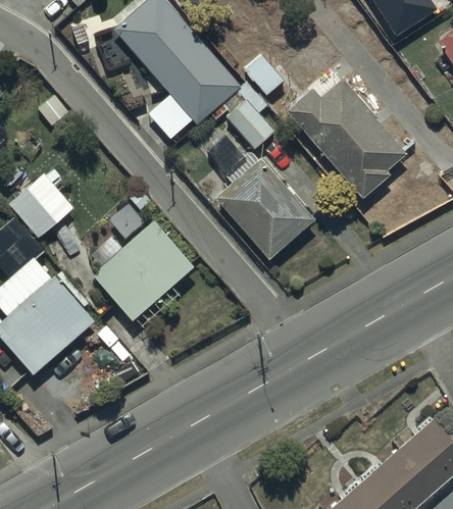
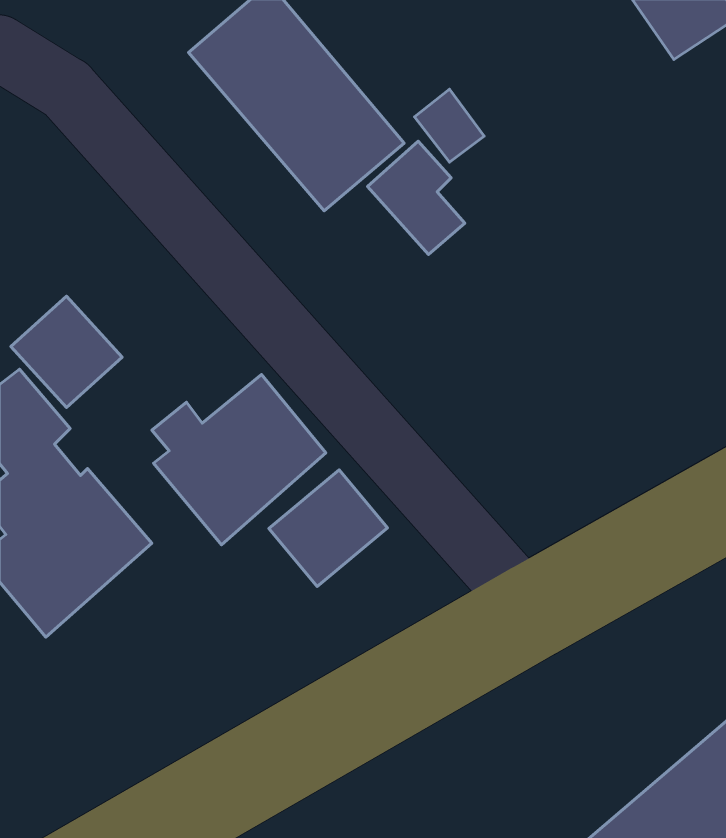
building: [287,69,407,199] -> none
building: [215,154,315,259] -> none
building: none -> [269,470,387,587]

